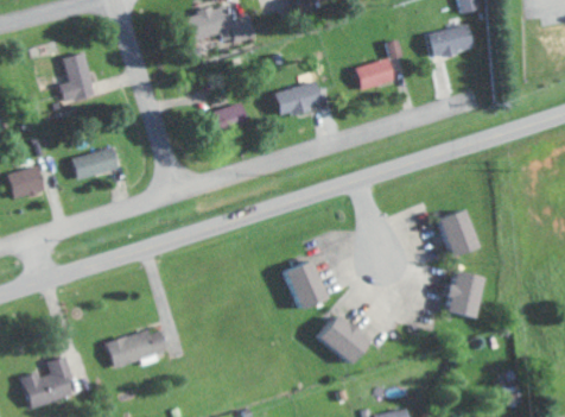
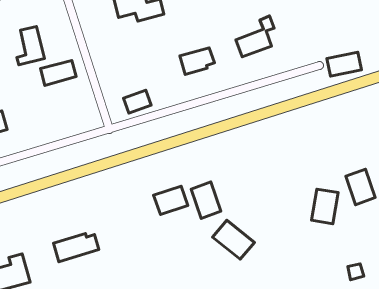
building: [426,25,472,57] -> [327,52,362,76]
building: [211,101,248,132] -> [124,90,151,113]
building: [70,147,118,181] -> [41,61,76,85]
building: [442,210,481,258] -> [346,169,375,205]
building: none -> [154,186,188,215]

